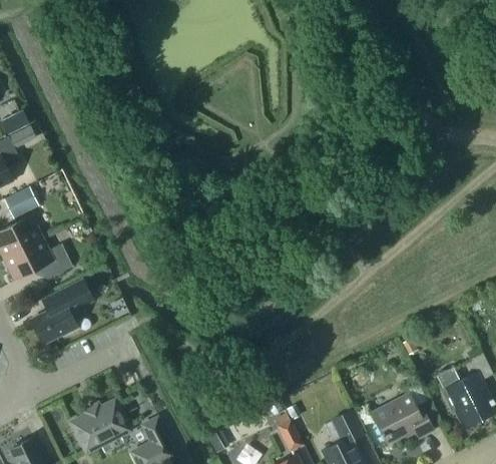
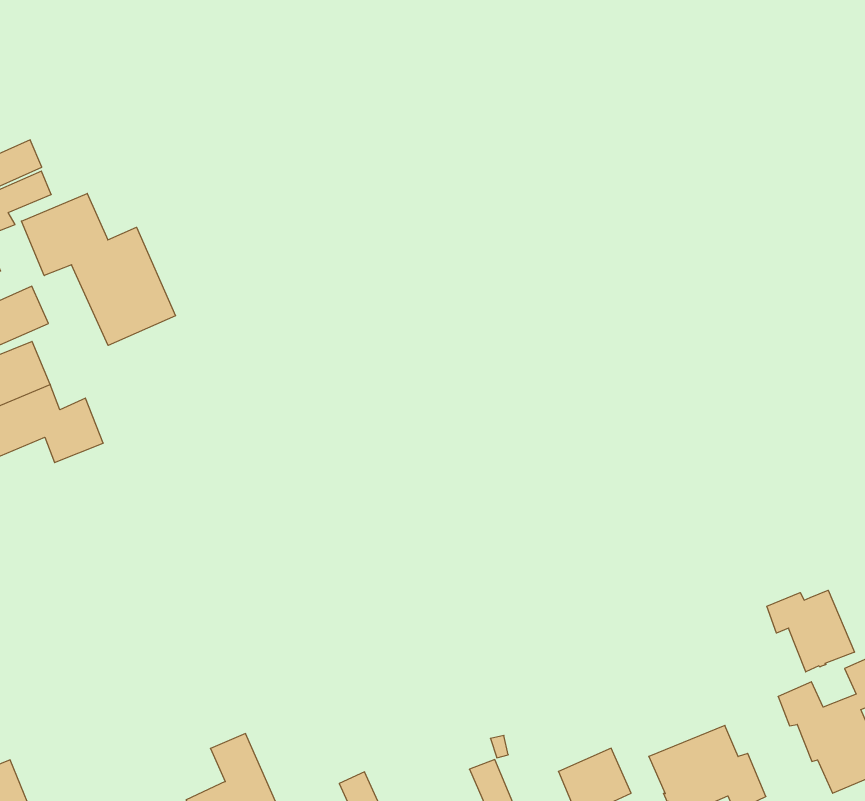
building: none -> [21,193,175,345]
building: [30,280,92,343] -> none
building: none -> [767,590,854,672]
building: [71,401,128,451] -> none

